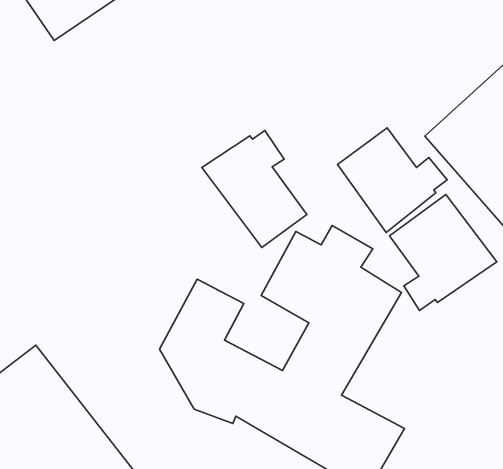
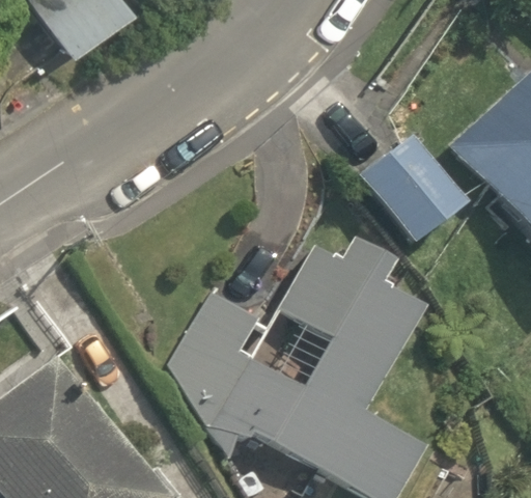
building: [202,131,307,248] -> none
building: [390,194,497,310] -> none

